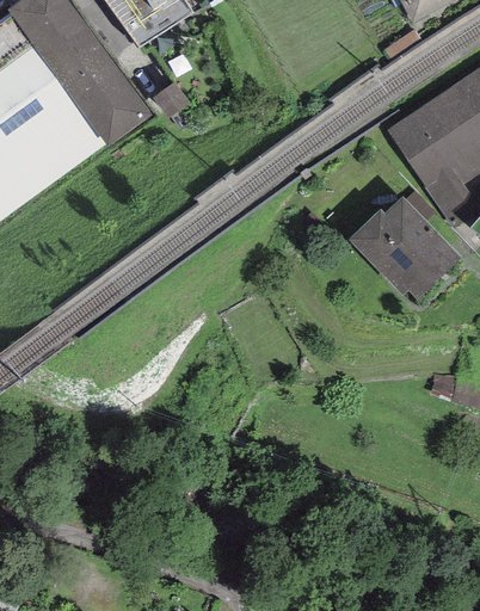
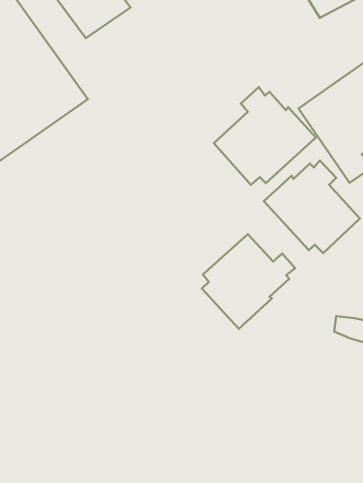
building: none -> [214,87,316,185]
building: none -> [202,234,295,329]

